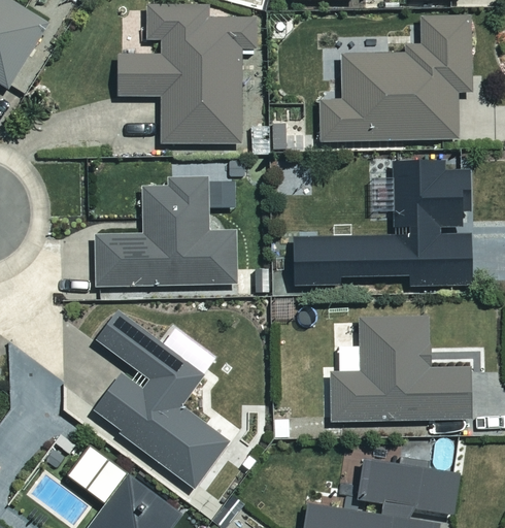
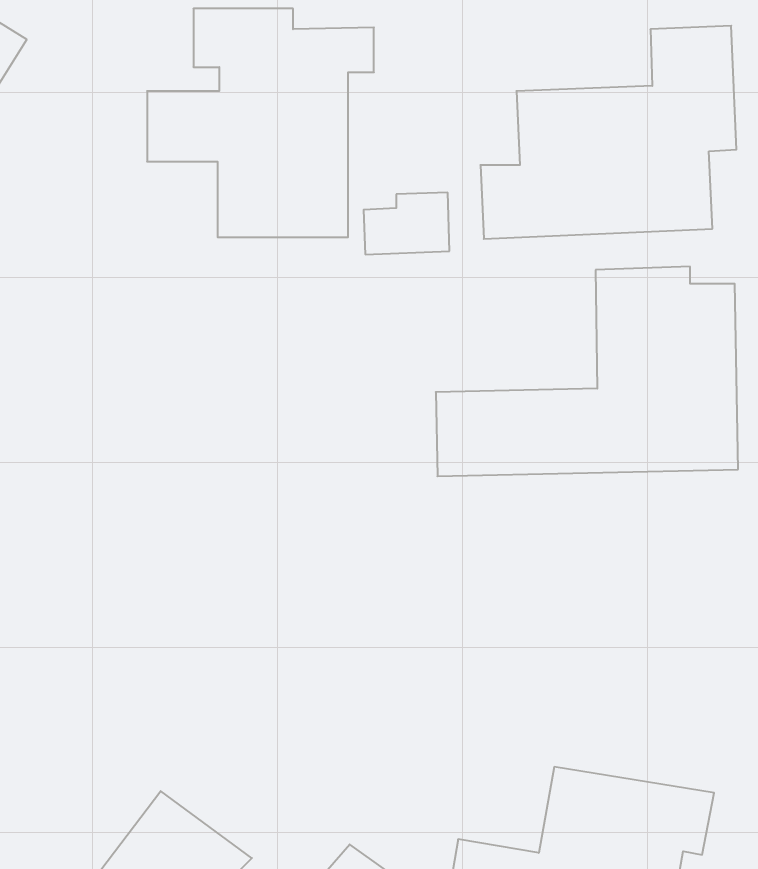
building: [95,179,236,288] -> none
building: [89,311,225,486] -> none
building: [330,316,472,423] -> none

